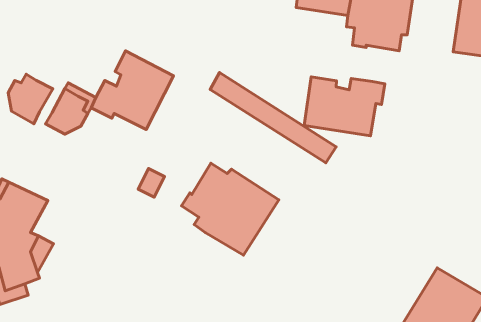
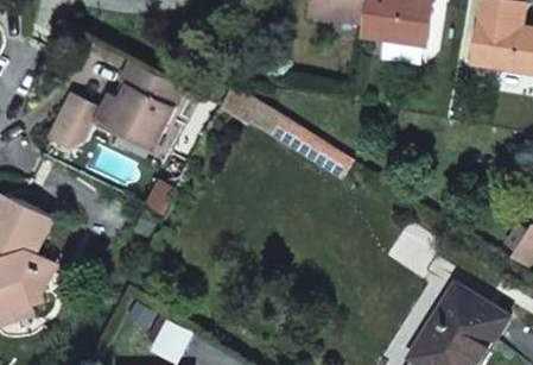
building: [8,74,53,124] -> none
building: [304,77,385,136] -> none
building: [182,163,279,255] -> none

